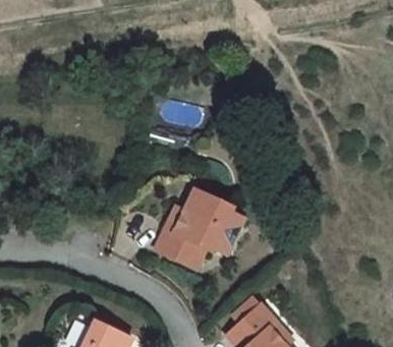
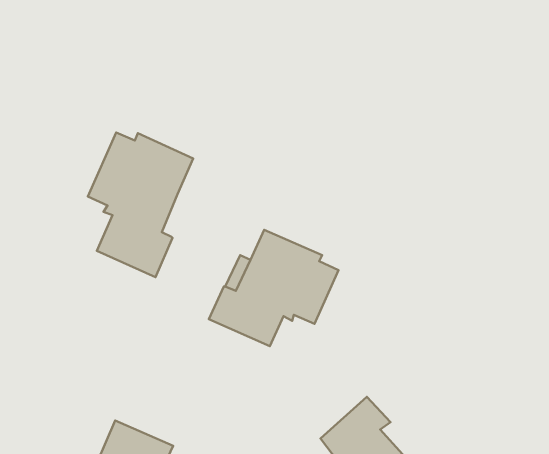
building: none -> [88,133,193,277]

